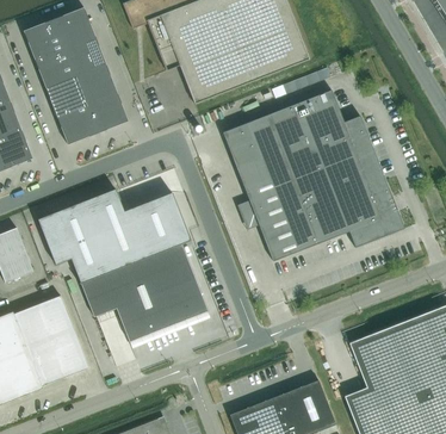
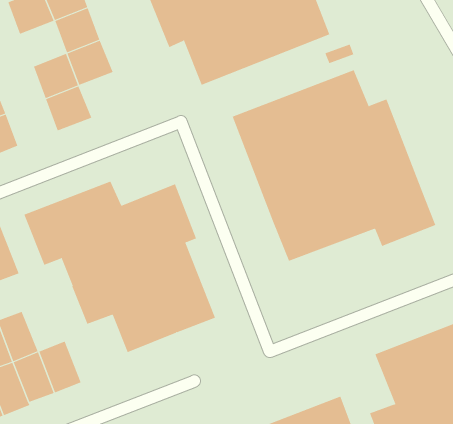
building: [33,48,75,88] -> none
building: [86,93,128,134] -> none
building: [36,296,74,341] -> none

